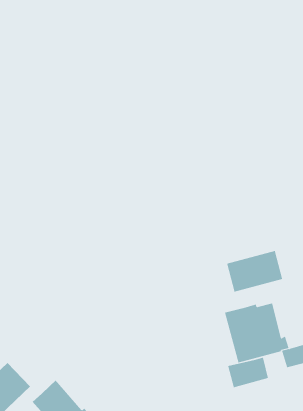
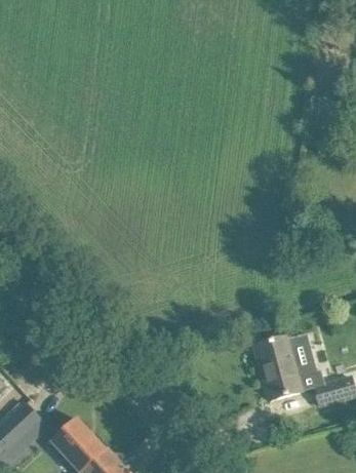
building: [226,250,283,292] -> none
building: [227,357,269,388] -> none

